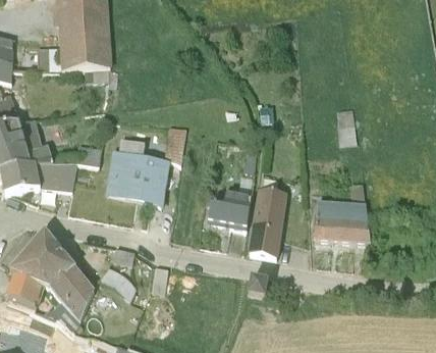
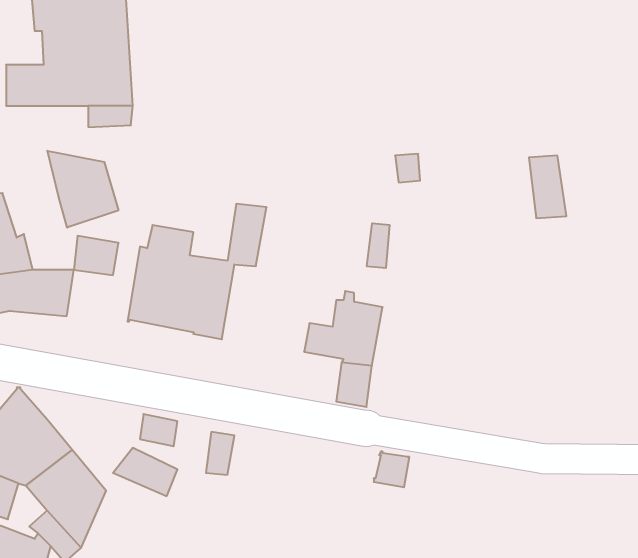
building: none -> [47,151,118,228]
building: [250,163,286,248] -> none
building: [315,174,371,235] -> none

